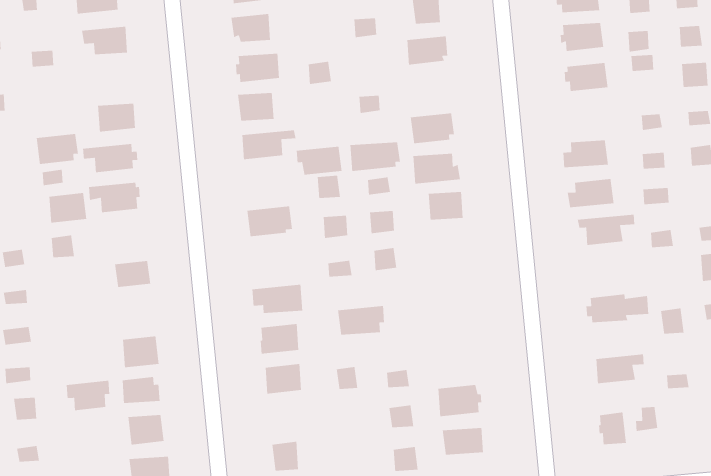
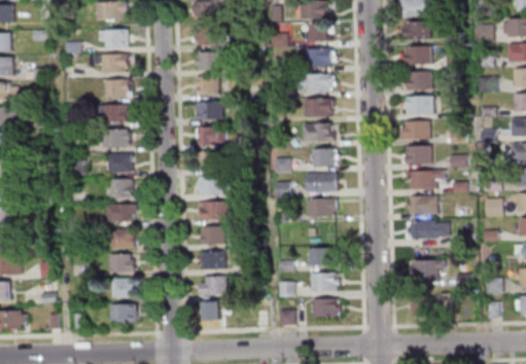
building: none -> [405,97,433,115]
building: [36,133,79,165] -> [102,54,129,73]
building: [350,141,401,172] -> [301,74,332,92]
building: [296,146,342,176] -> [196,128,224,145]
building: [49,192,87,224] -> [109,153,133,172]
building: none -> [306,173,337,191]
building: none -> [198,176,230,195]
building: none -> [408,196,437,214]
building: [337,305,385,335] -> [307,198,337,216]
building: none -> [308,248,339,265]
building: [66,380,110,411] -> [108,204,136,222]
building: none -> [199,277,226,295]

